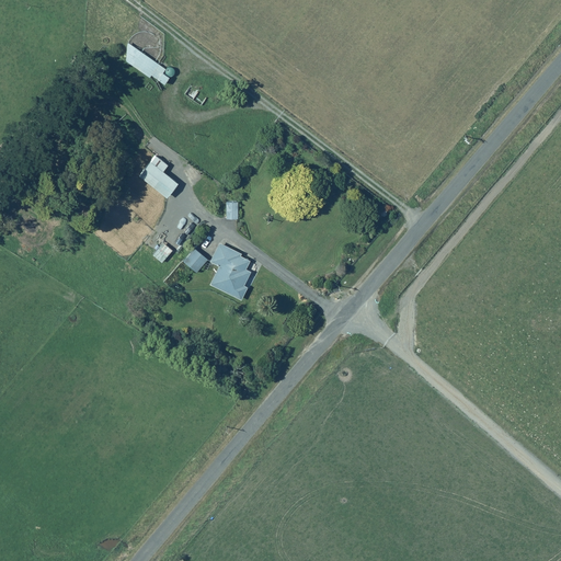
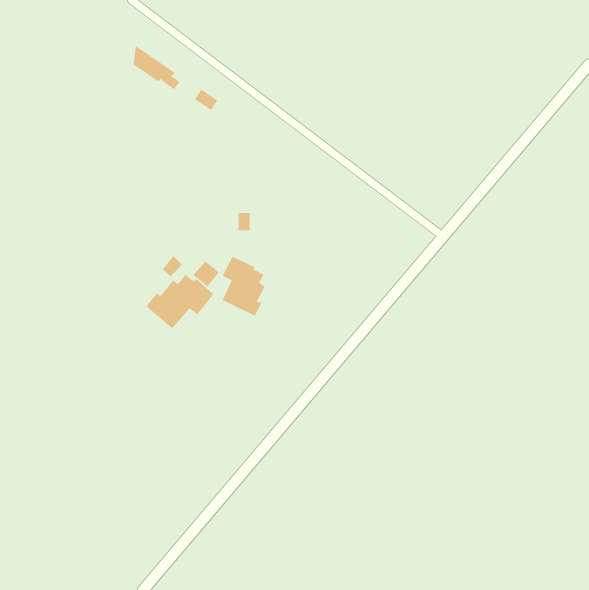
building: [138,154,180,198] -> none
building: none -> [146,274,214,329]

